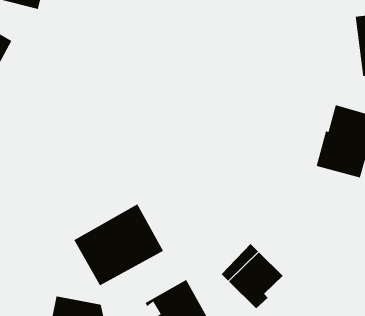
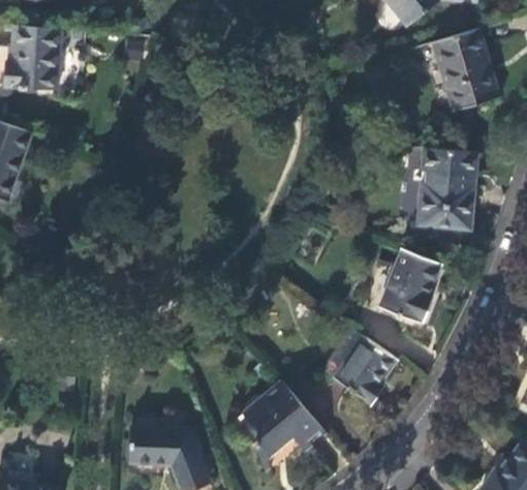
building: none -> [382,248,443,323]
building: [73,203,164,286] -> none

